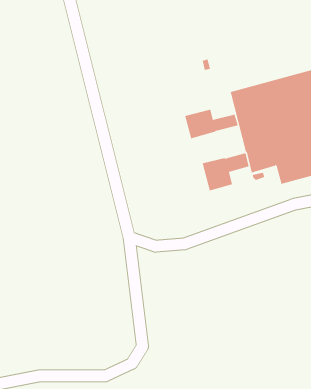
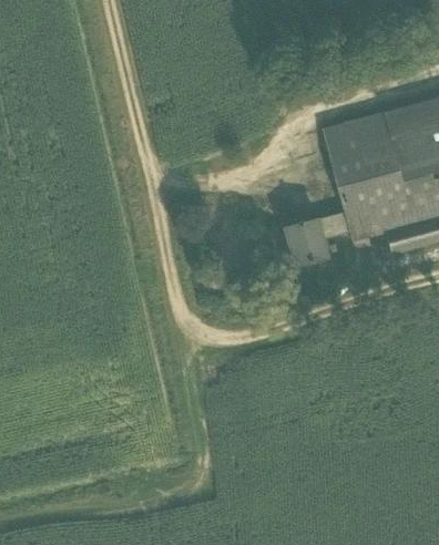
building: [184,109,239,139] -> none

